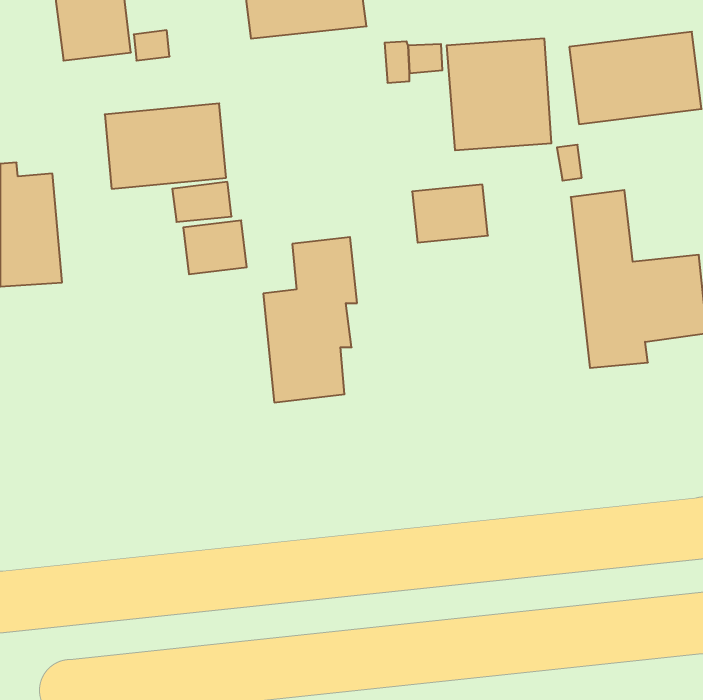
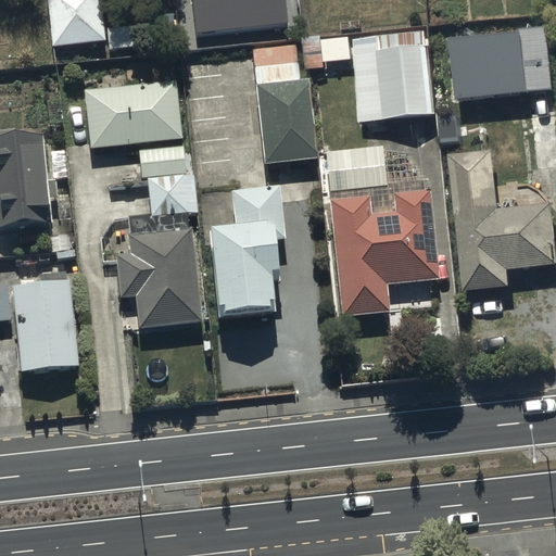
building: none -> [250,52,314,161]
building: none -> [328,190,438,317]
building: none -> [113,229,202,328]
building: none -> [11,283,76,372]

